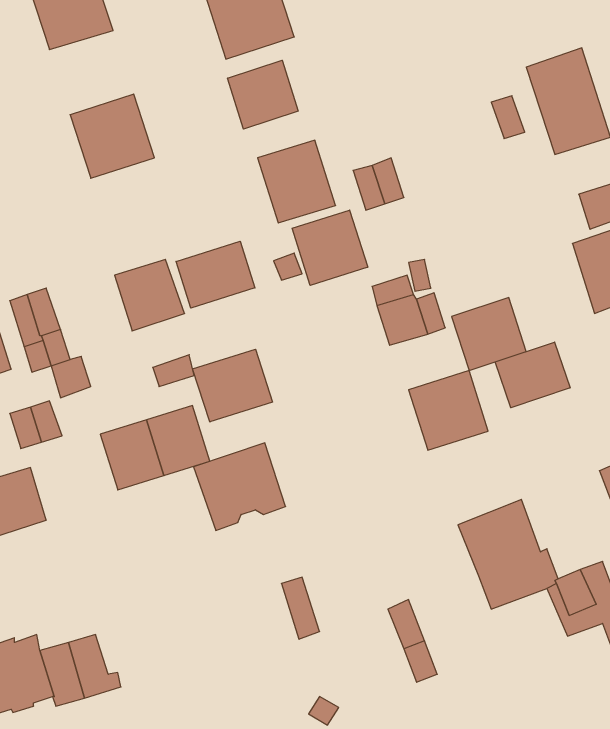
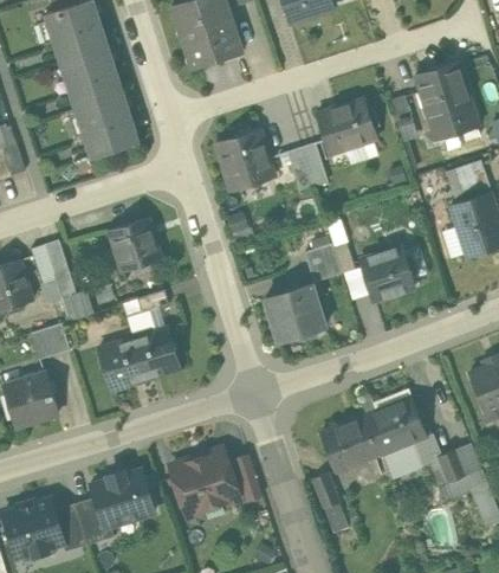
building: none -> [60,47,123,110]
building: [228,60,298,129] -> none
building: none -> [316,99,376,154]
building: [292,210,368,285] -> none
building: [176,241,255,308] -> none
building: [495,342,570,408] -> none
building: [193,349,273,422] -> none
building: [409,371,488,450] -> [265,283,324,342]
building: [193,443,286,530] -> [170,450,239,515]
building: none -> [320,416,380,471]
building: none -> [91,469,154,527]

